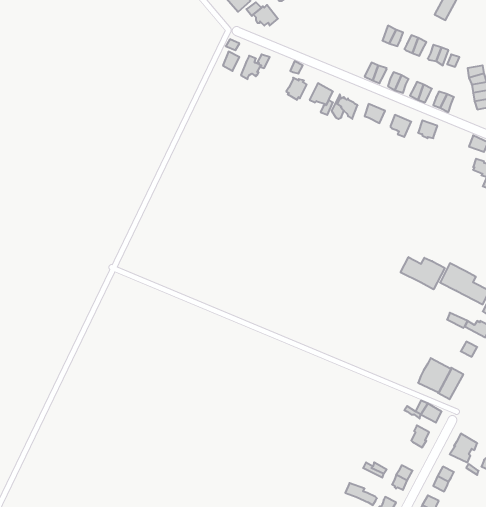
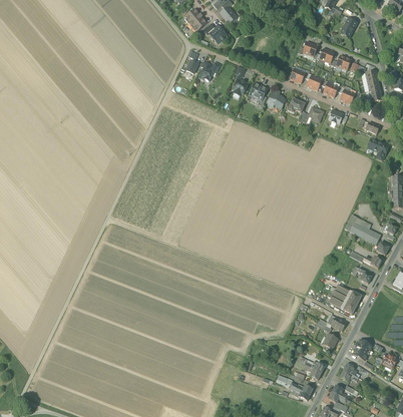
building: [401,257,445,289] -> none

